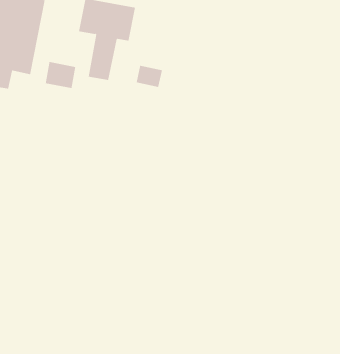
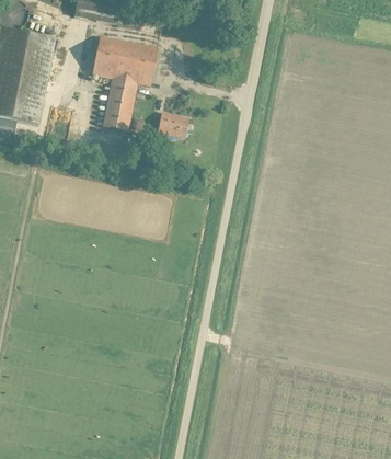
building: [45,61,76,89] -> none

